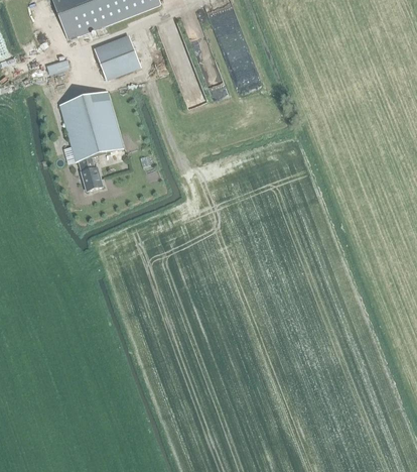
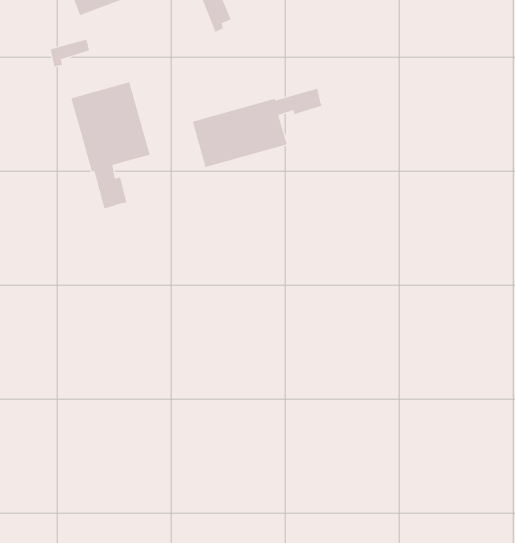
building: [95,34,141,80] -> none
building: none -> [192,88,323,168]

